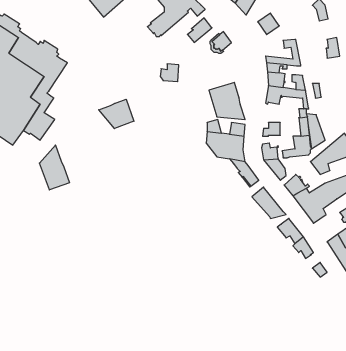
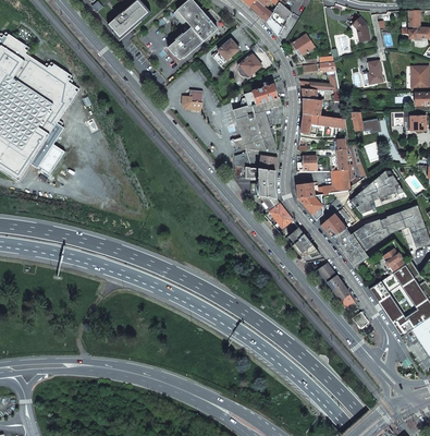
building: none -> [234,83,283,120]
building: [99,99,134,129] -> none
building: [39,145,70,190] -> none

